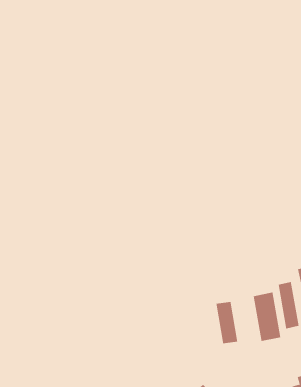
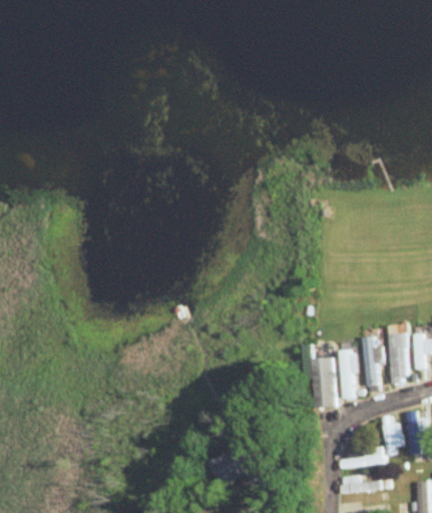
building: [216,301,238,344] -> none

